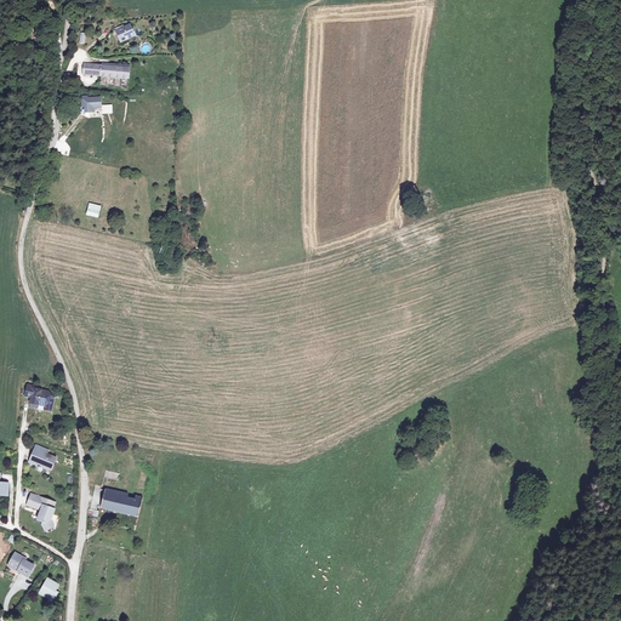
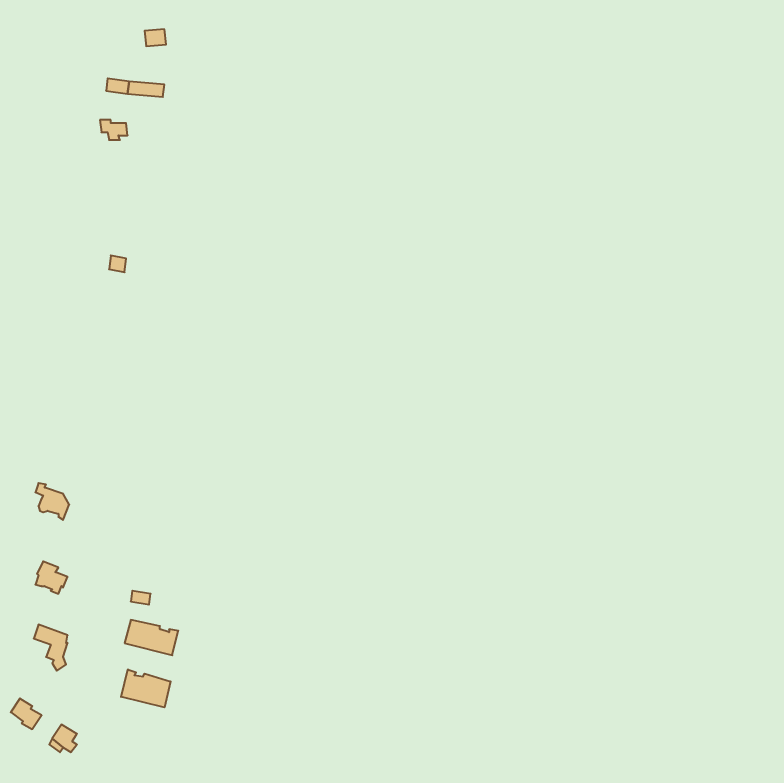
building: none -> [121,669,171,707]

